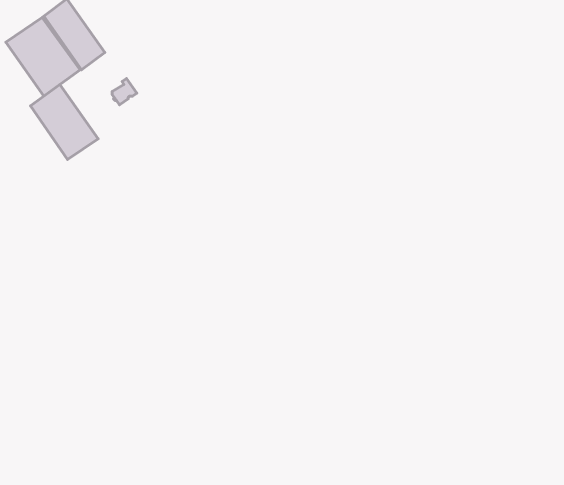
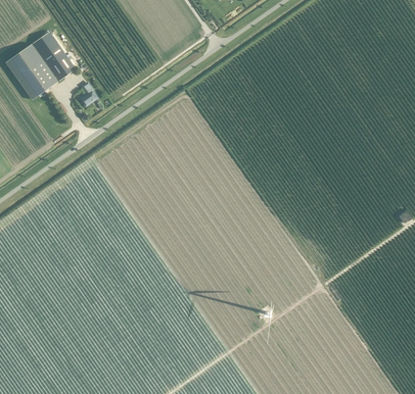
building: [31,84,98,160] -> none

